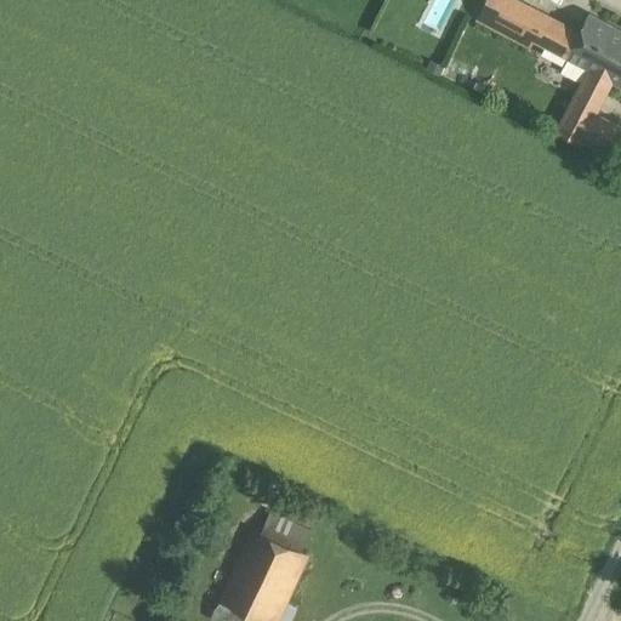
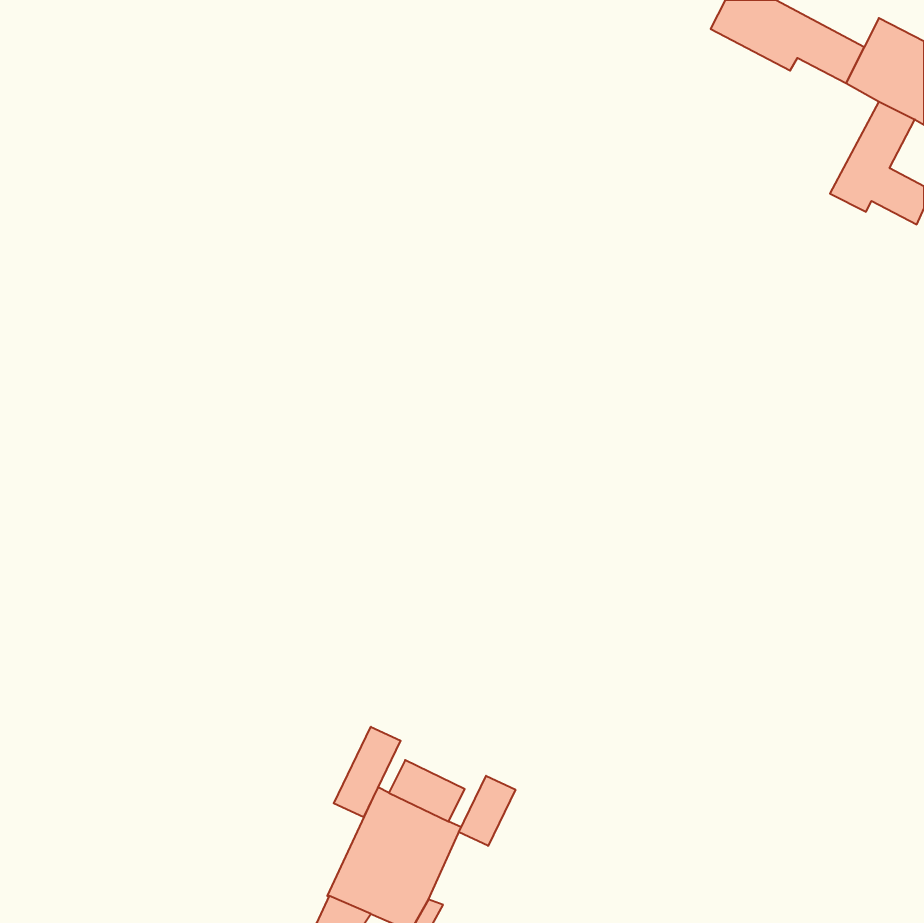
building: none -> [334,727,401,817]
building: none -> [459,776,515,846]

